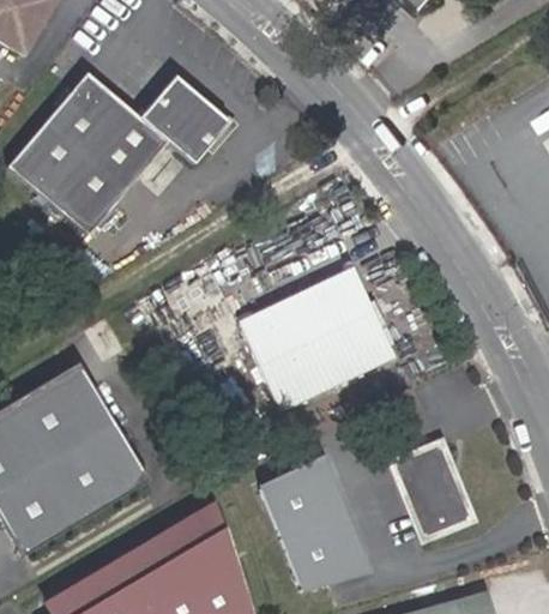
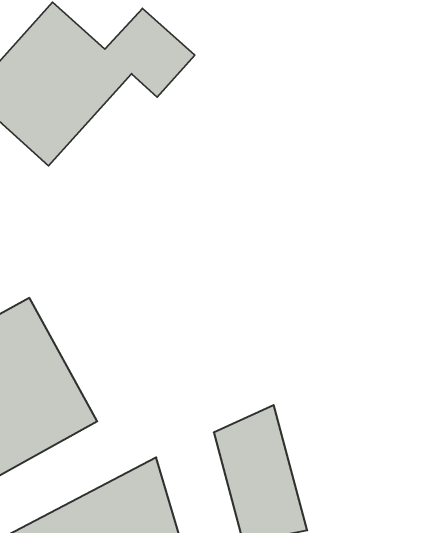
building: [245,269,397,407] -> none
building: [398,446,470,537] -> none

